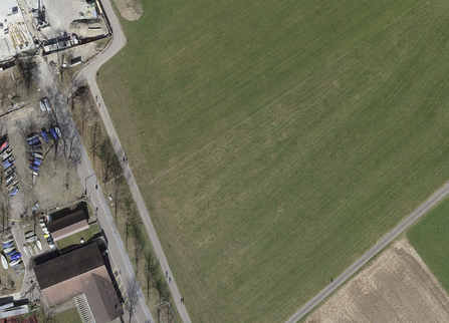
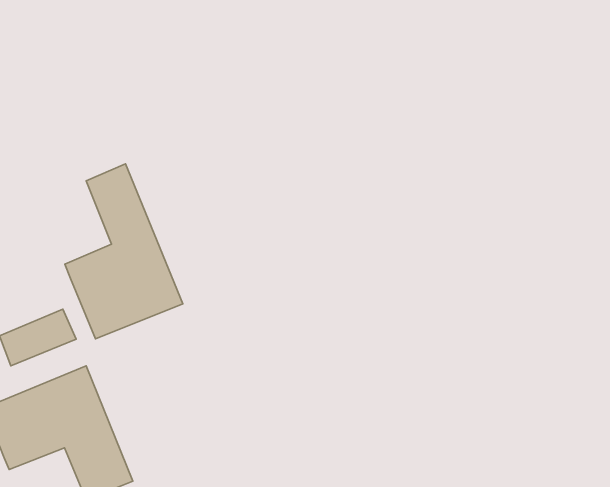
building: none -> [65,164,183,339]

